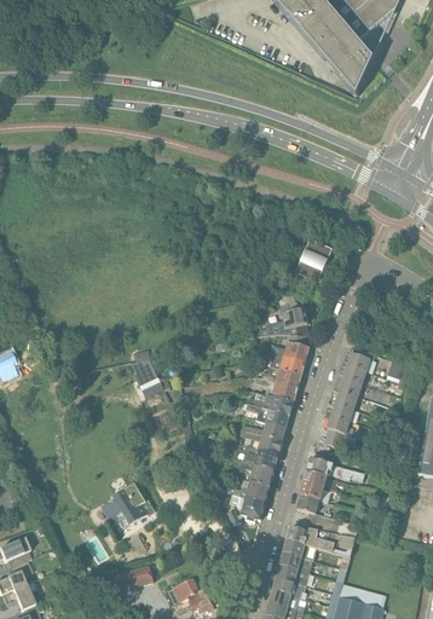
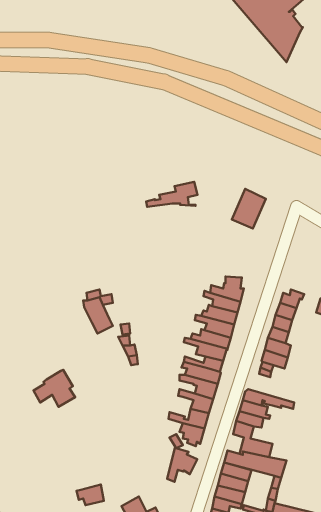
building: [250,308,307,336] -> [146,182,198,207]
building: [102,482,148,523] -> [34,370,75,407]
building: none -> [167,448,197,482]

